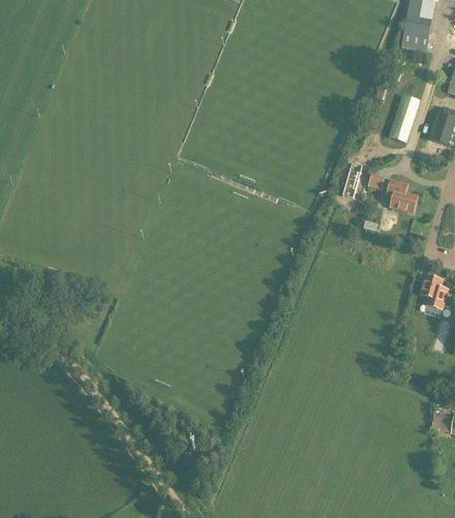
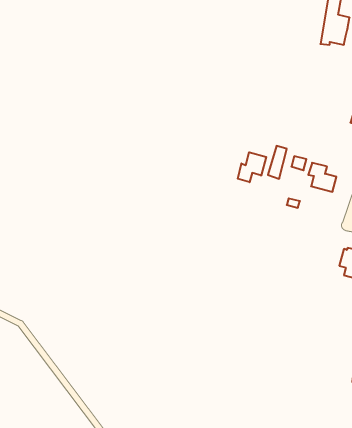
building: [389,94,420,143] -> none
building: none -> [238,152,266,182]

